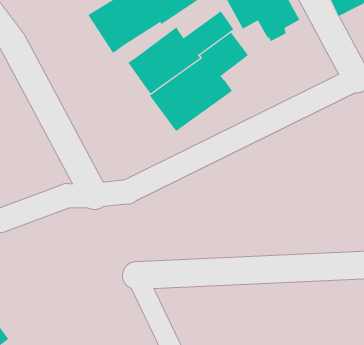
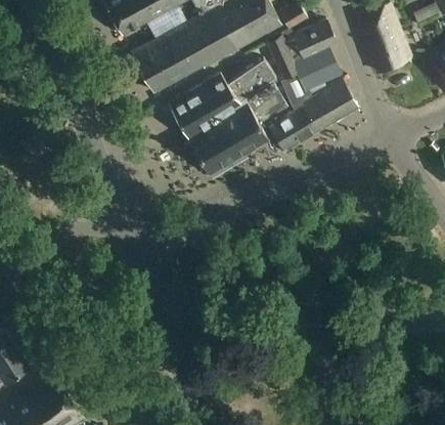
building: none -> [271,80,357,152]

